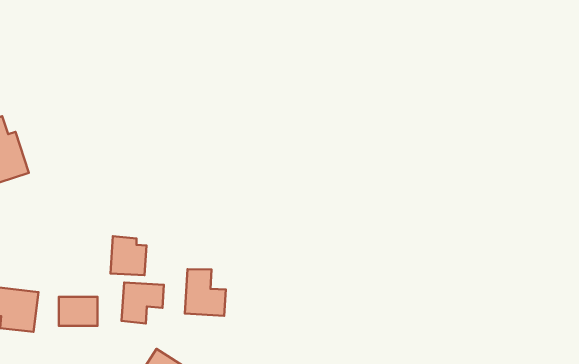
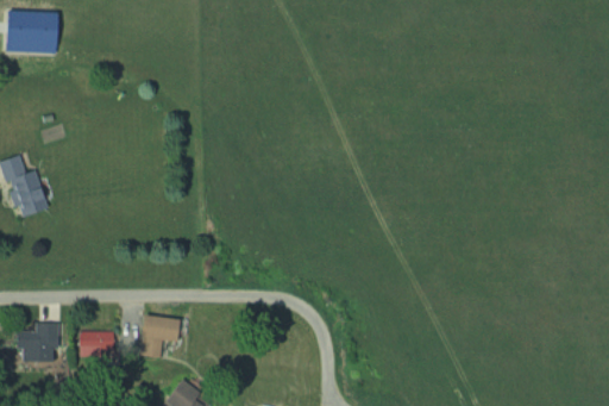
building: [111,236,147,275] -> none
building: [185,269,226,316] -> none

